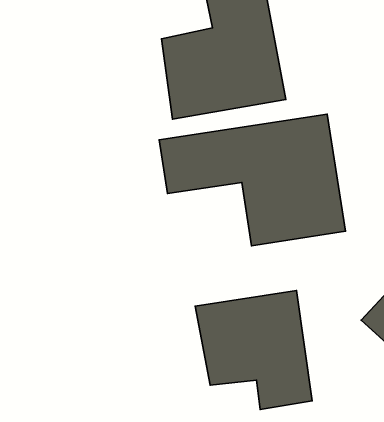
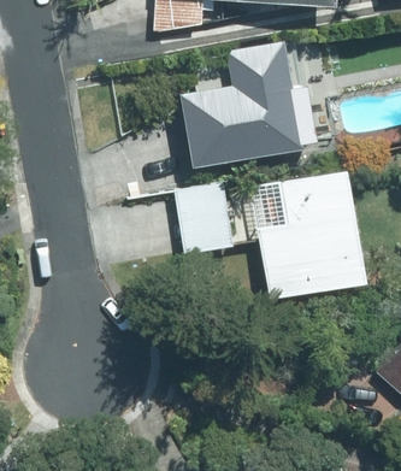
building: [195,290,312,409] -> none

